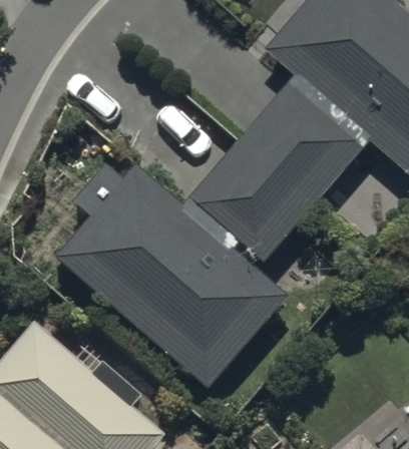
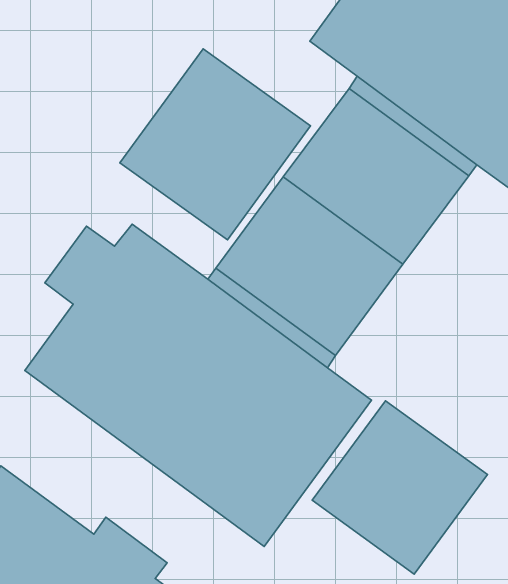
building: none -> [120,49,311,240]
building: none -> [312,401,488,574]

